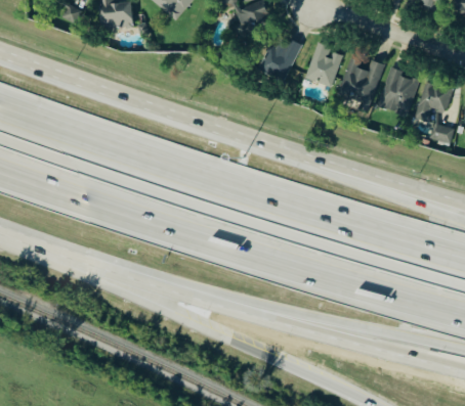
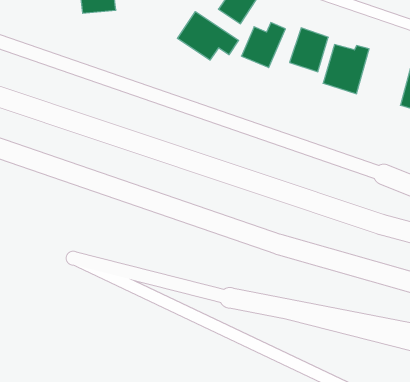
building: none -> [177,12,239,60]
building: [378,67,419,116] -> none

